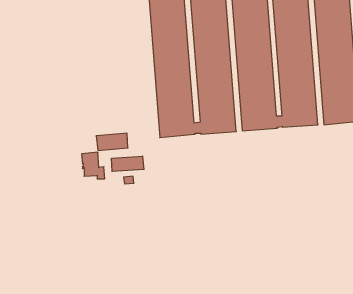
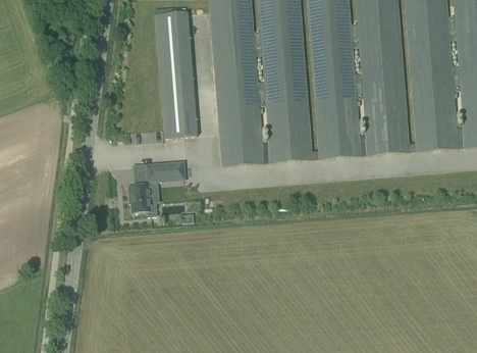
building: none -> [155,12,198,138]
building: [112,156,144,172] -> none

